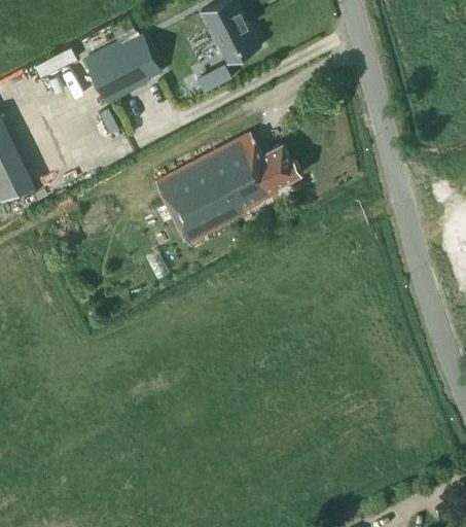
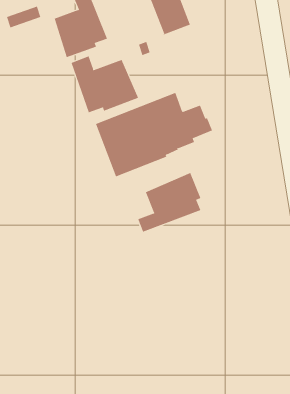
building: none -> [71,56,139,113]
building: none -> [138,172,201,232]

